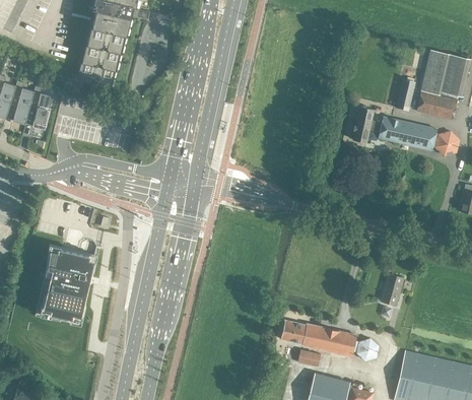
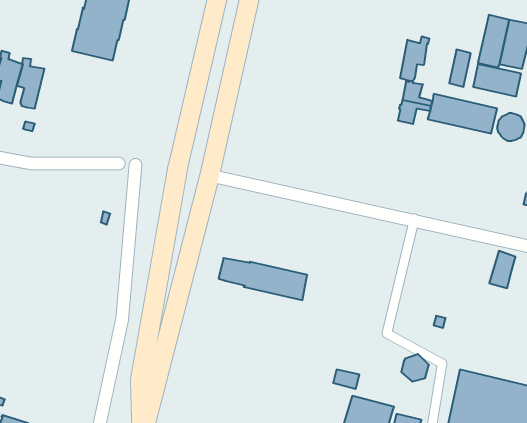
building: none -> [400,36,429,81]
building: [36,247,94,323] -> none
building: [381,273,403,305] -> [489,251,516,288]
building: [281,321,356,356] -> [219,258,307,300]

